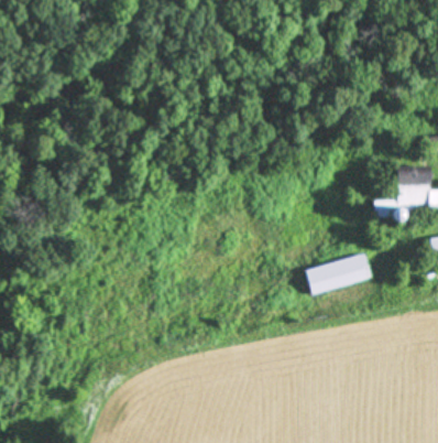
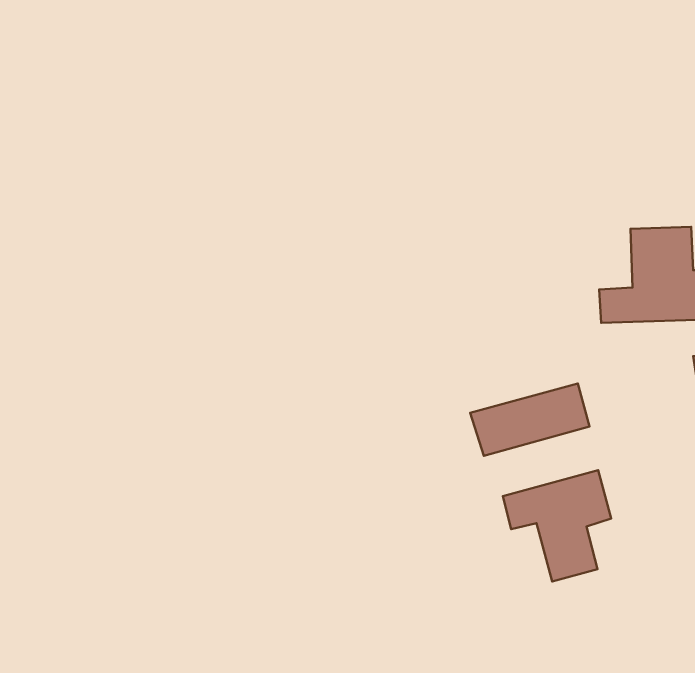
building: none -> [503,470,611,581]

